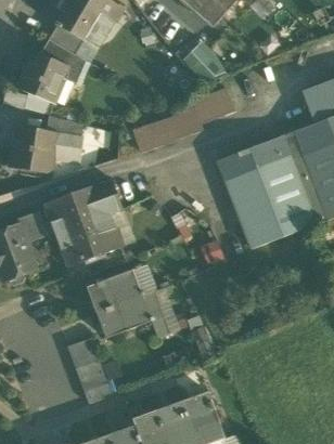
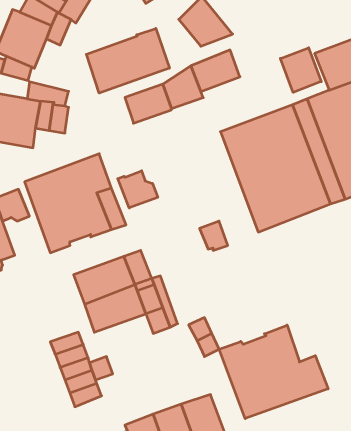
building: none -> [86,28,169,93]
building: none -> [280,48,321,92]
building: none -> [118,171,158,208]
building: none -> [219,325,328,419]

